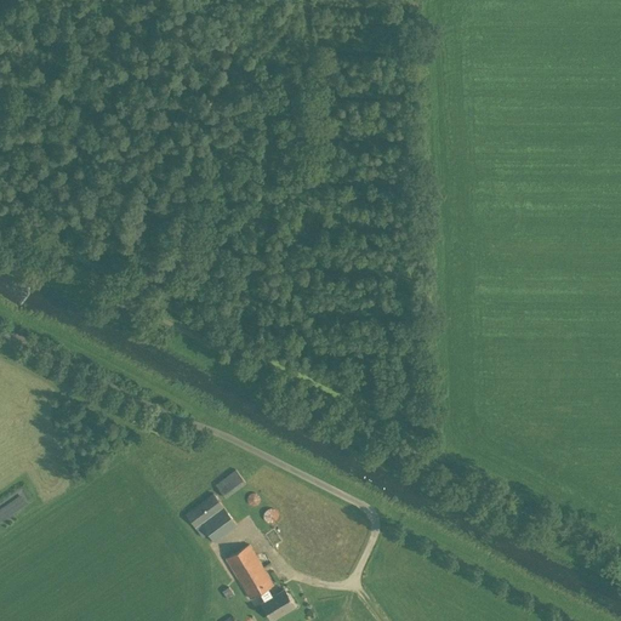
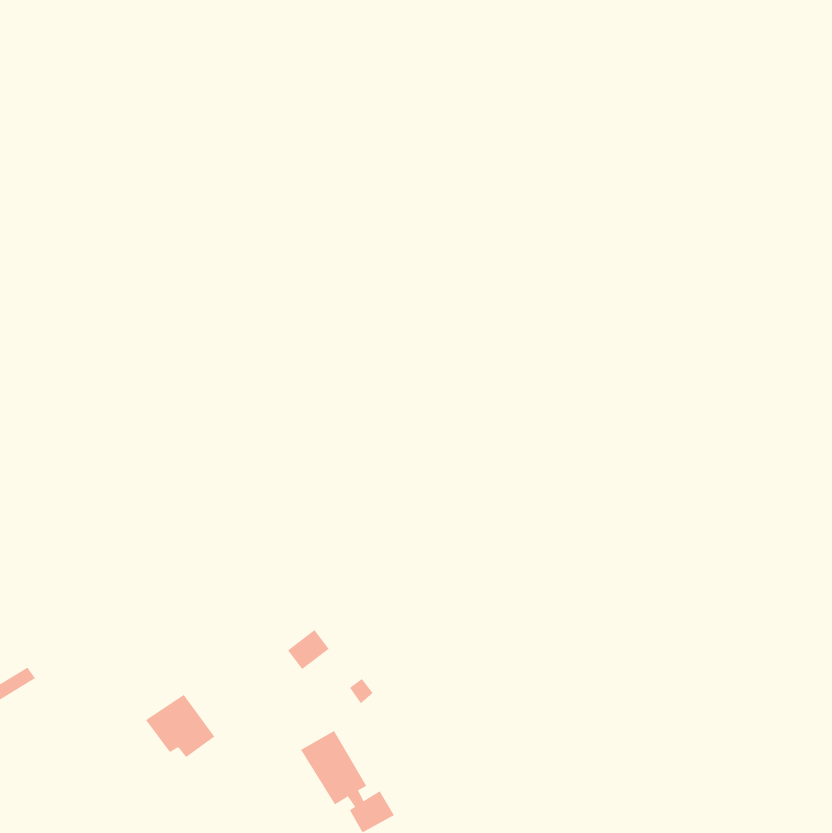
building: [183,494,235,541] -> [145,694,215,758]

